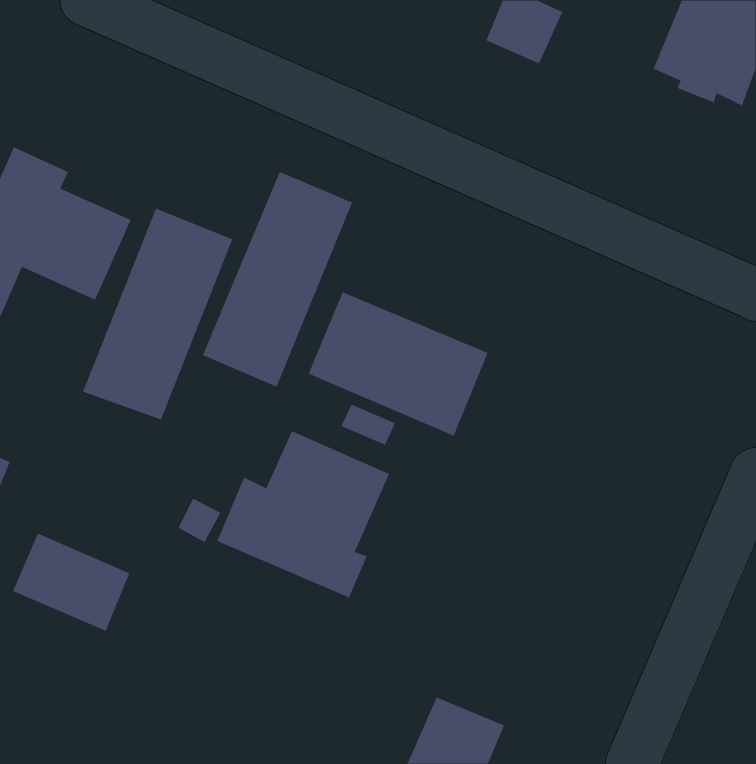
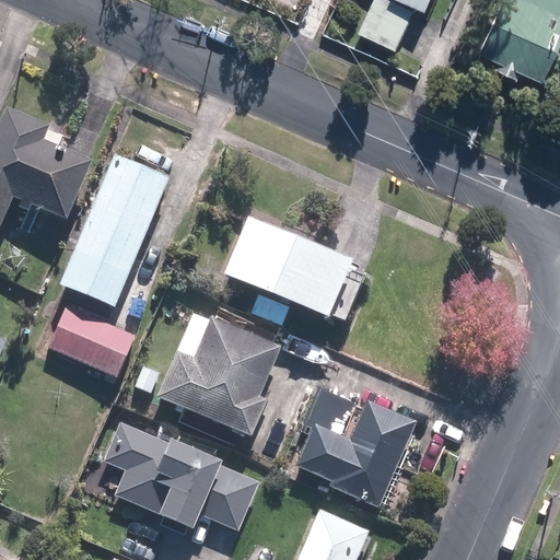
building: [202,171,353,387] -> none
building: [12,533,130,632] -> [47,307,133,380]
building: none -> [296,400,415,506]
building: none -> [98,422,256,529]

